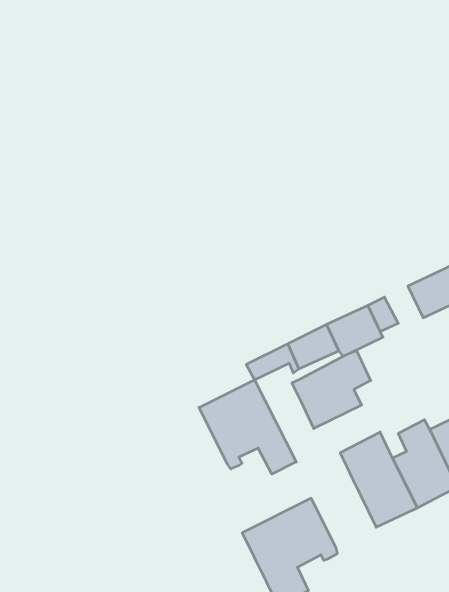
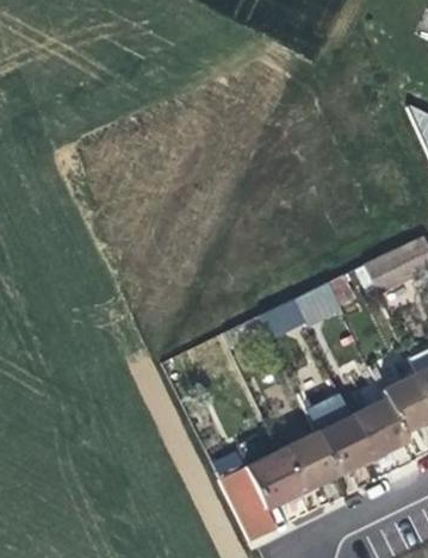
building: [292,350,371,429] -> none
building: [199,380,296,474] -> none
building: none -> [281,432,337,491]

